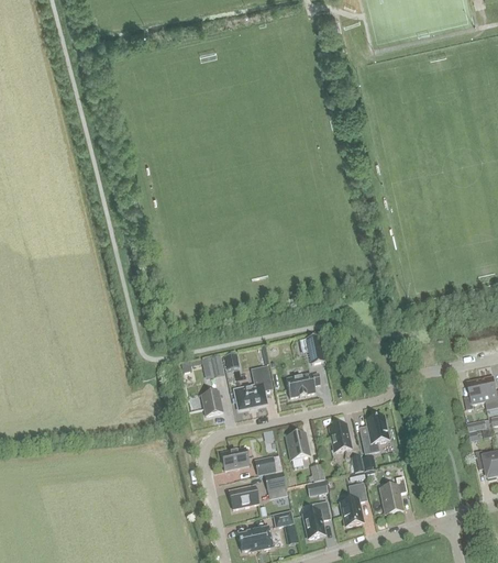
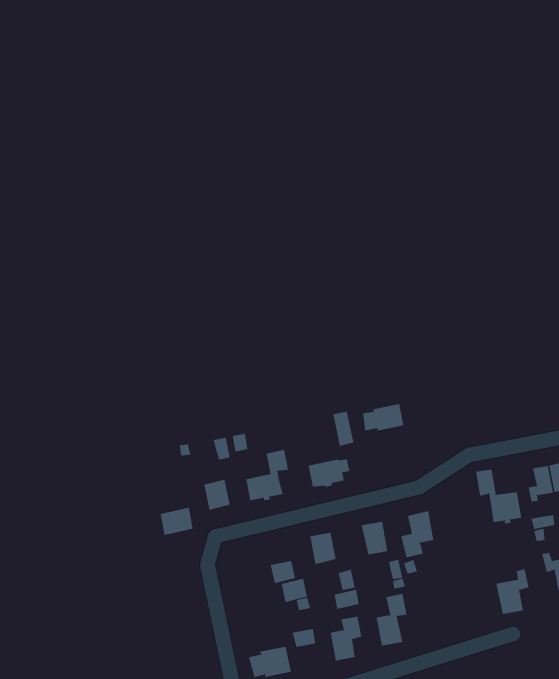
building: none -> [363,403,404,431]
building: none -> [475,469,522,525]
building: [221,448,248,471] -> [160,507,194,536]
building: [379,476,407,514] -> [495,568,529,615]
building: [229,485,258,509] -> none

